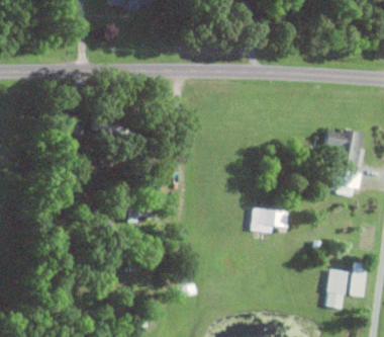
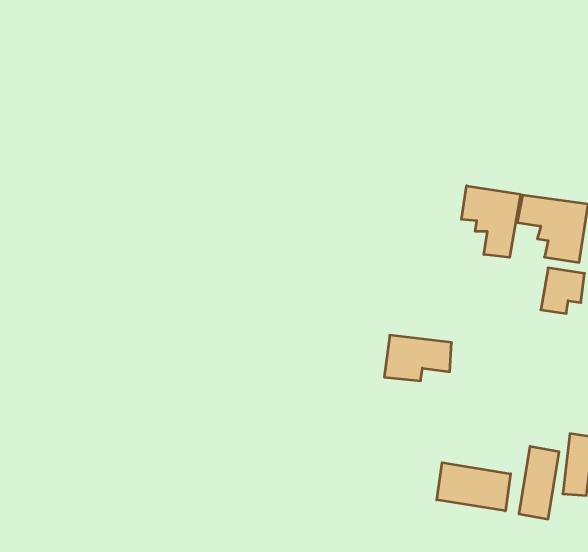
building: none -> [461,186,520,257]
building: none -> [437,463,511,511]

